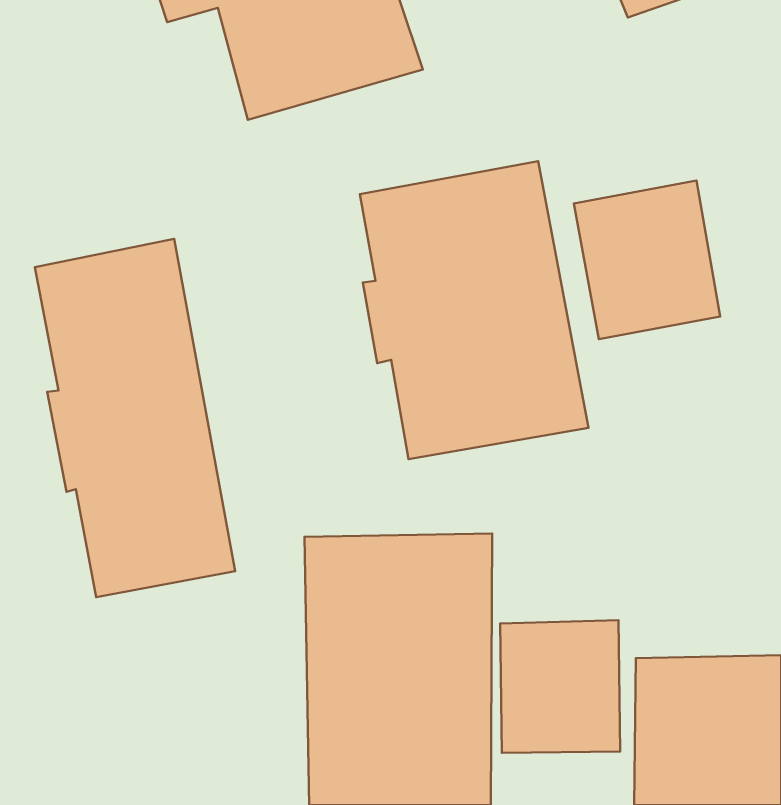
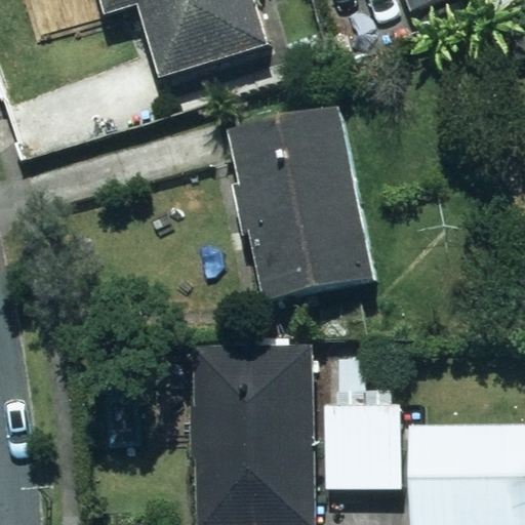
building: [574,180,720,339] -> none
building: [35,239,235,597] -> none

